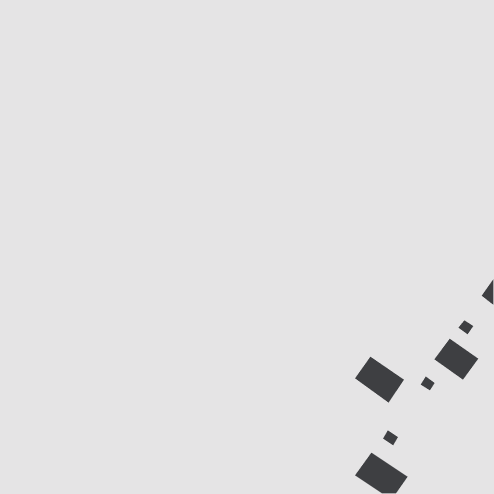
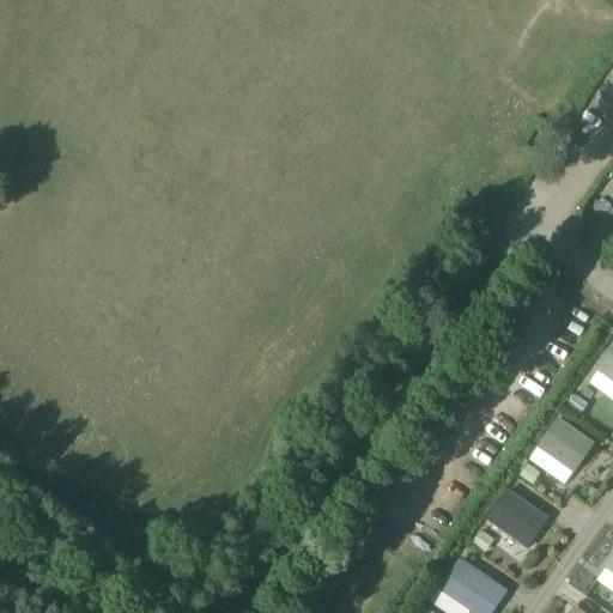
building: [354,355,405,404] -> [485,488,548,548]

